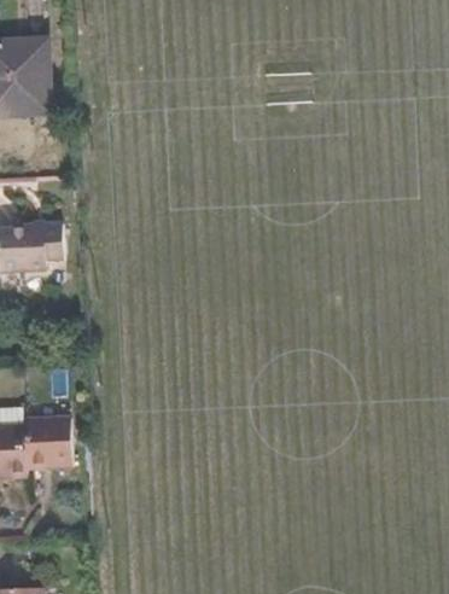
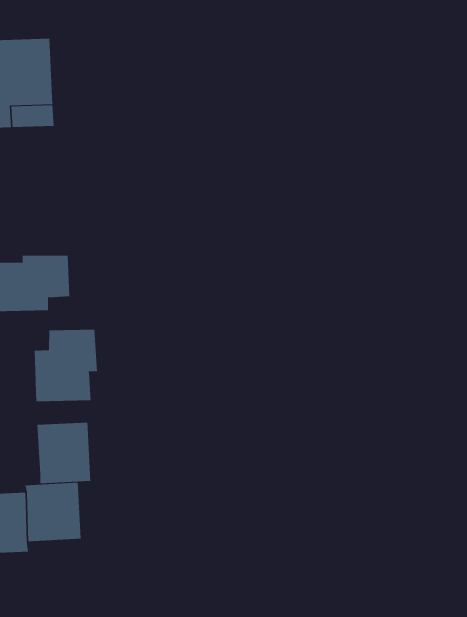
building: none -> [34,329,97,402]
building: none -> [37,422,91,484]

